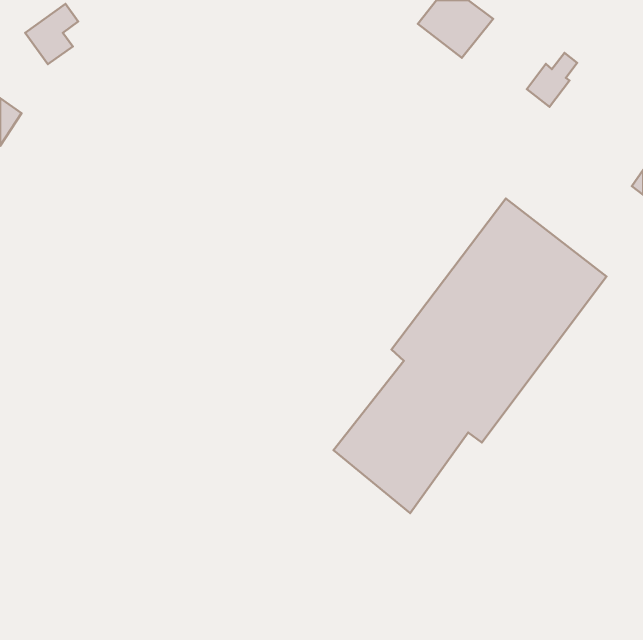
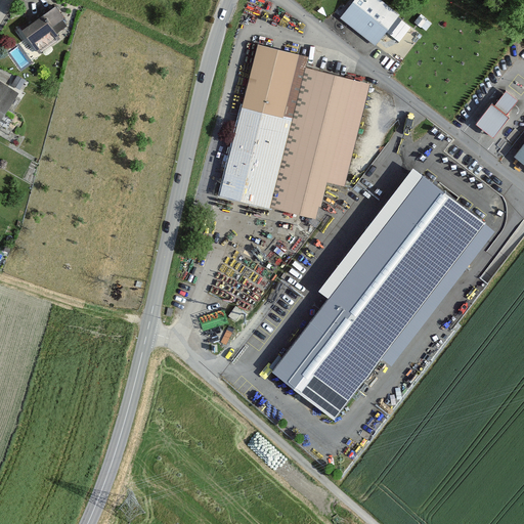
building: [527,53,577,107] -> [475,91,516,135]
building: none -> [221,47,370,221]

